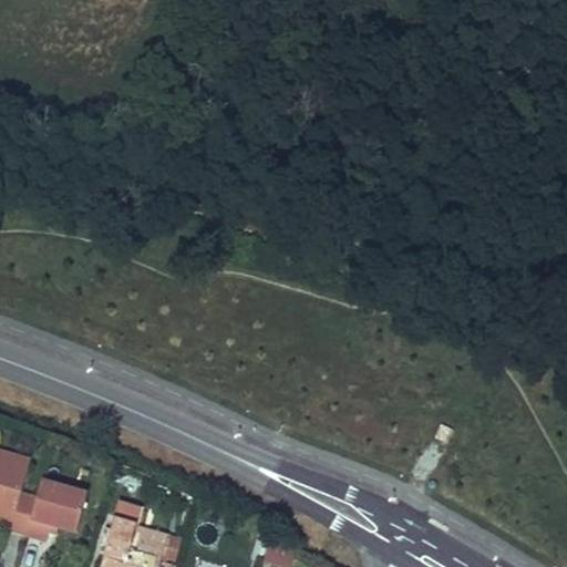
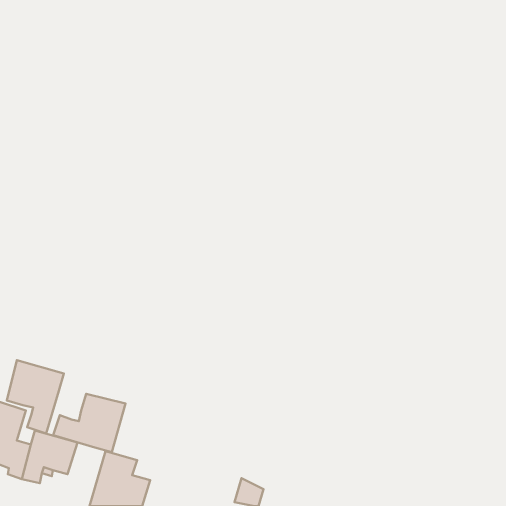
building: none -> [7,360,64,434]
building: none -> [53,394,125,452]

